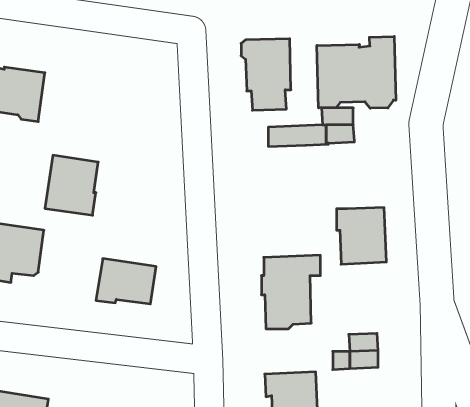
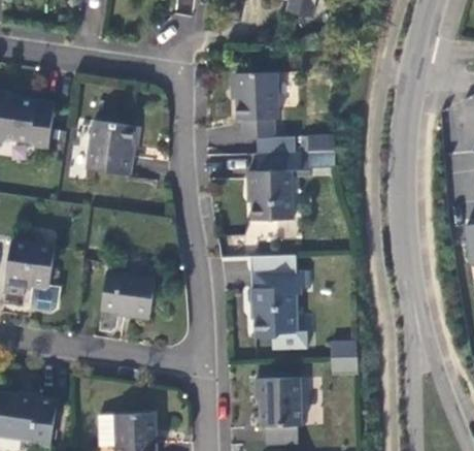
building: [317,36,396,108] -> none
building: [45,155,98,215] -> [87,121,135,175]
building: [337,208,386,264] -> [248,170,294,222]

